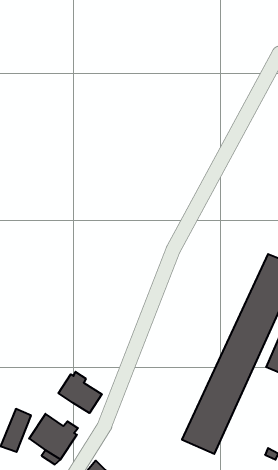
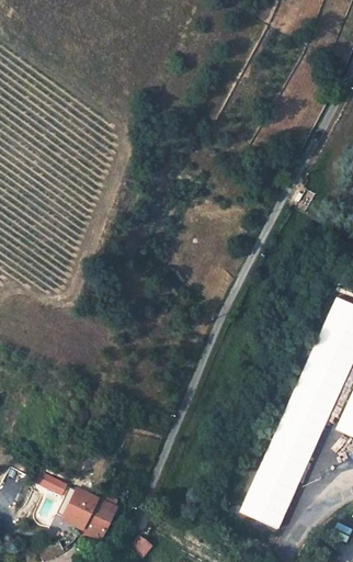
building: [58,372,102,413] -> none

